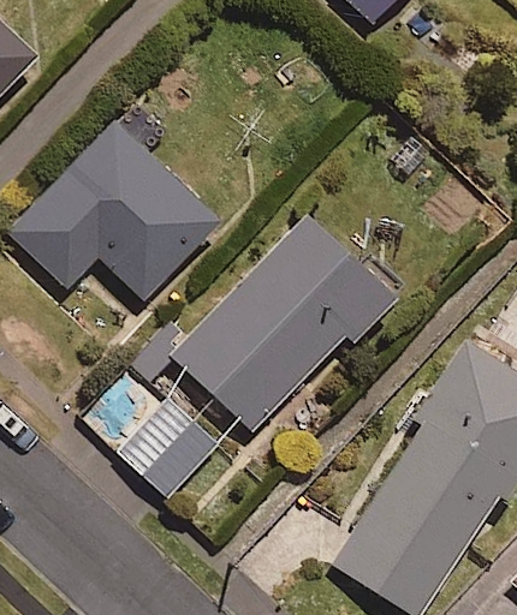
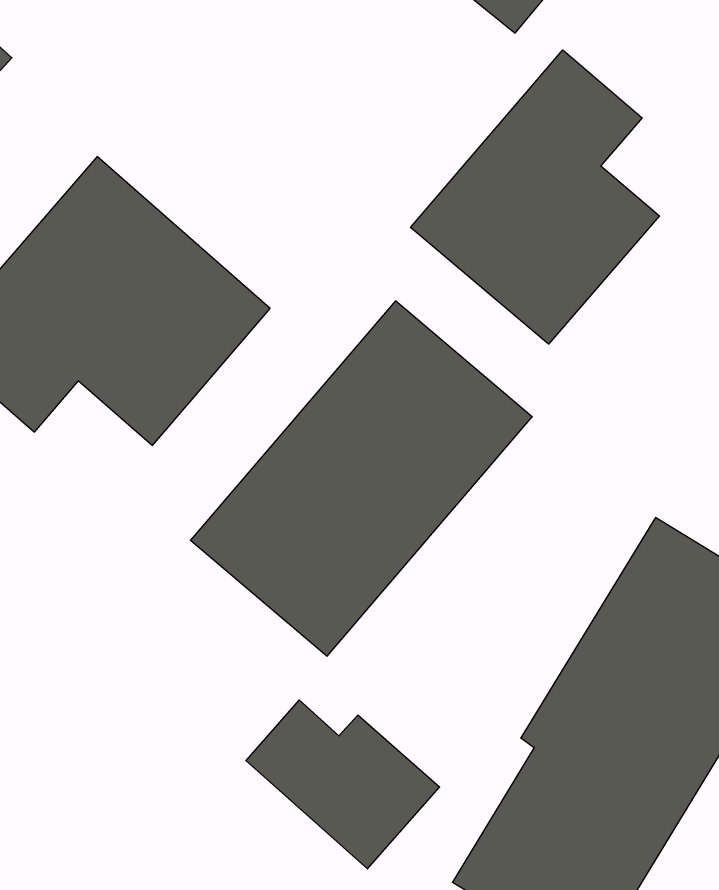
building: none -> [411,50,659,344]
building: [93,393,215,500] -> [246,700,440,869]

